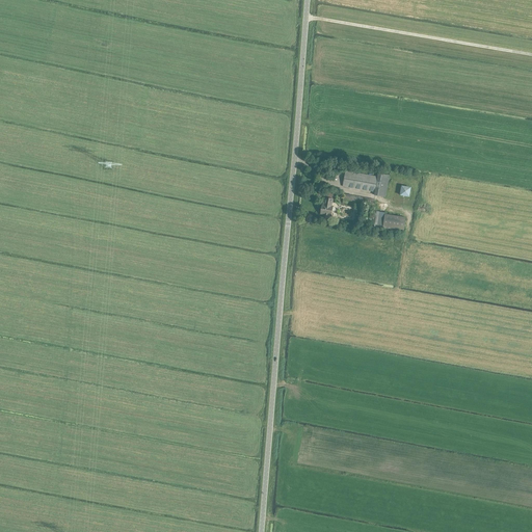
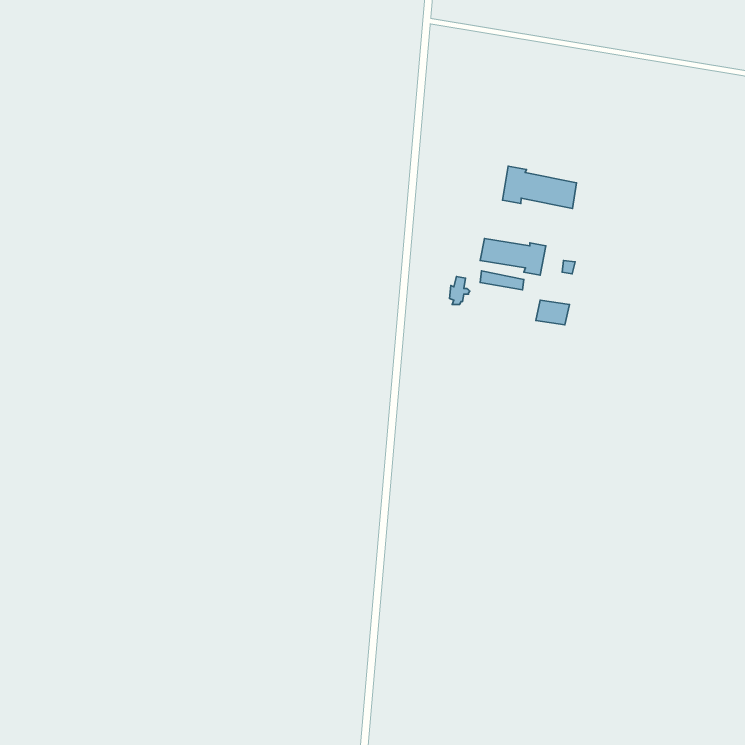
building: none -> [503,166,577,209]

